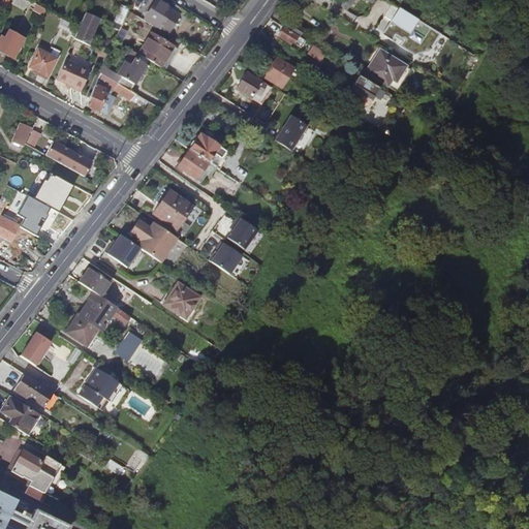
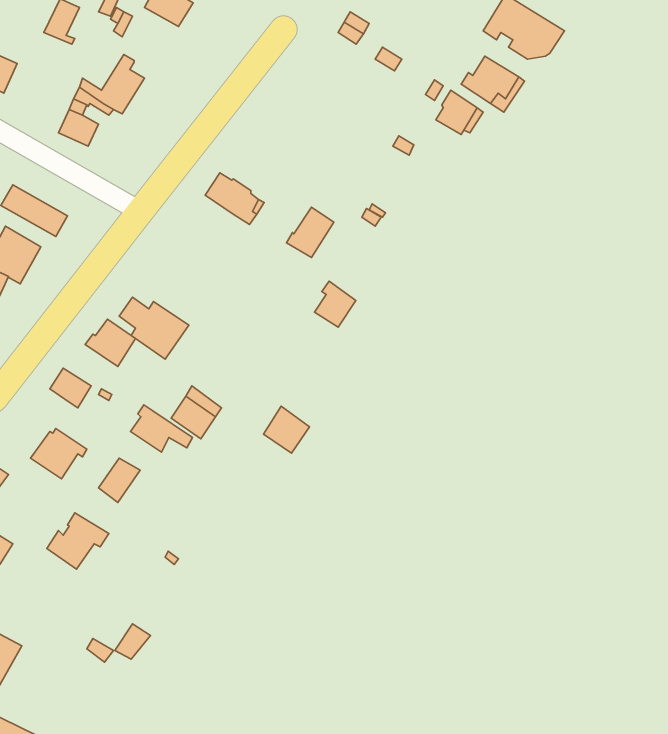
building: [138,32,178,70] -> none
building: [57,57,91,86] -> none
building: [264,57,293,87] -> none
building: [238,73,270,102] -> none
building: [274,116,307,151] -> [286,207,334,258]
building: [176,148,208,179] -> none
building: [153,190,191,229] -> none
building: [228,217,257,249] -> [314,281,356,327]
building: [210,242,242,275] -> [263,406,309,453]
building: [84,292,127,325] -> [130,405,193,452]

